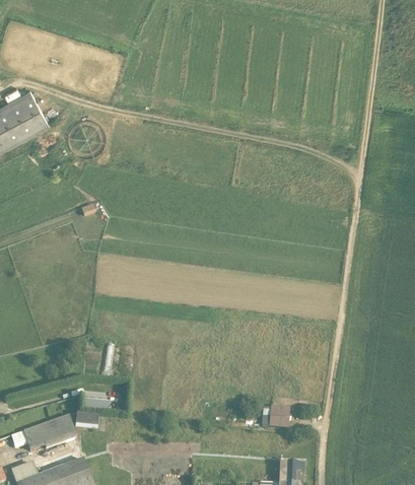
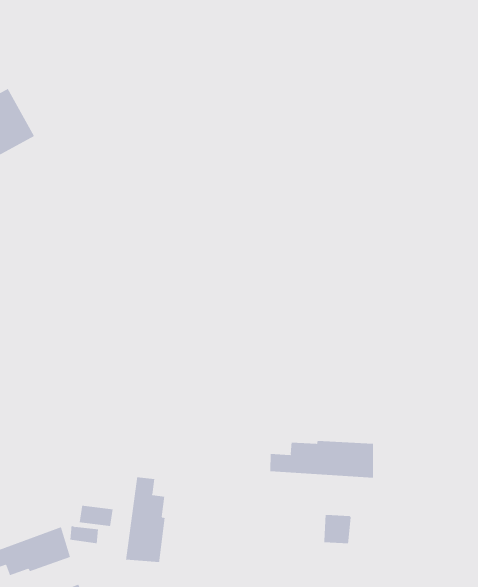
building: none -> [270,440,374,478]
building: none -> [125,476,165,563]

